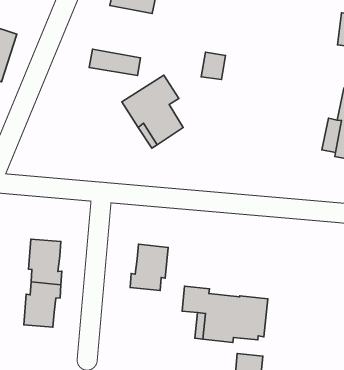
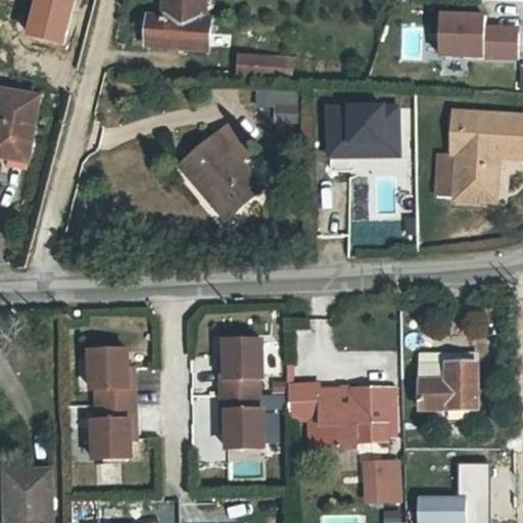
building: [89,49,141,75] -> [235,52,297,78]
building: none -> [318,98,395,154]
building: none -> [420,352,477,420]
building: none -> [221,393,264,448]

